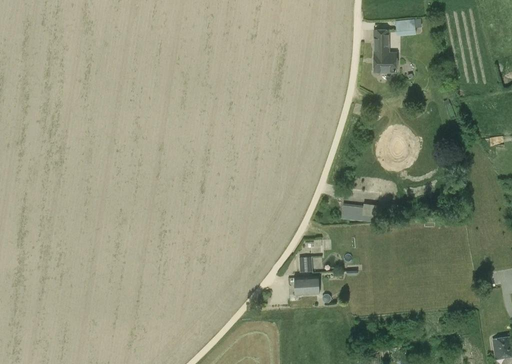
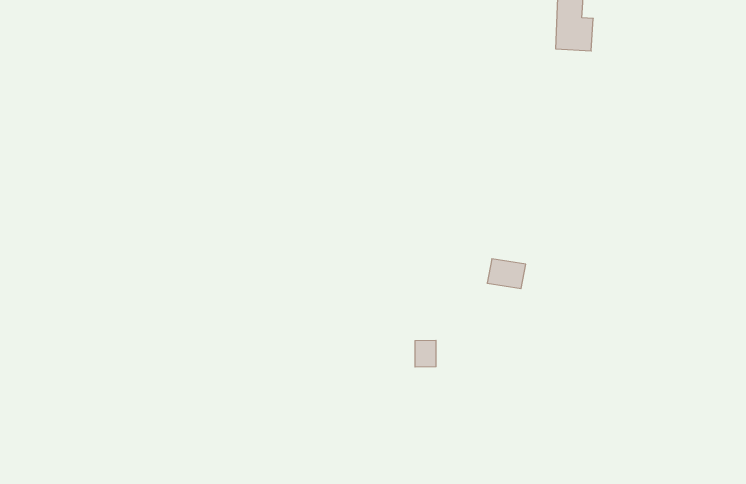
building: [295,276,320,296] -> none

